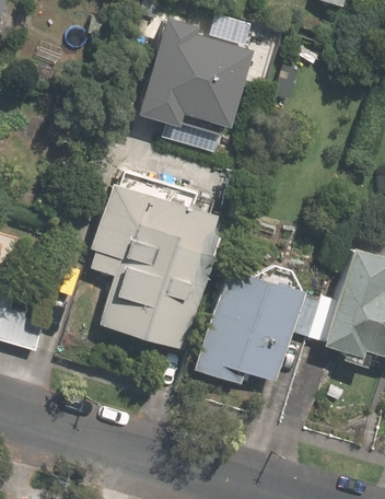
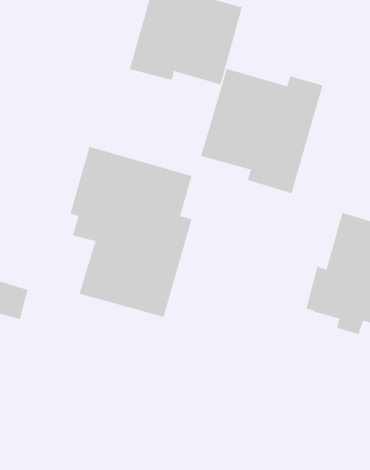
building: none -> [200,68,324,194]
building: [198,269,325,383] -> none

